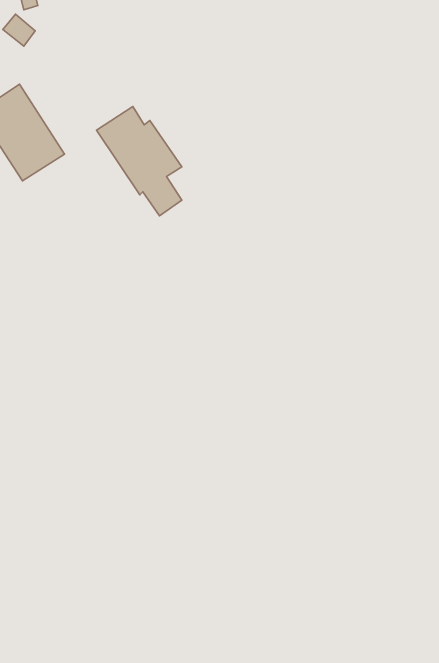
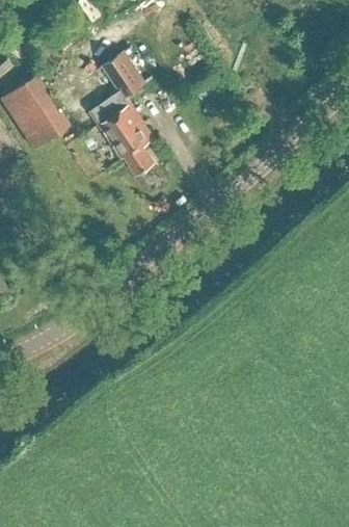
building: none -> [103,52,144,98]

